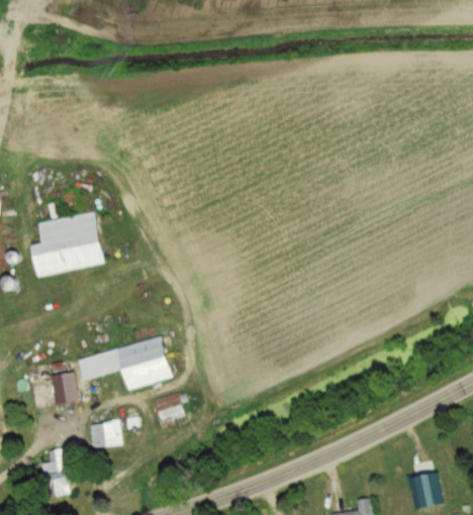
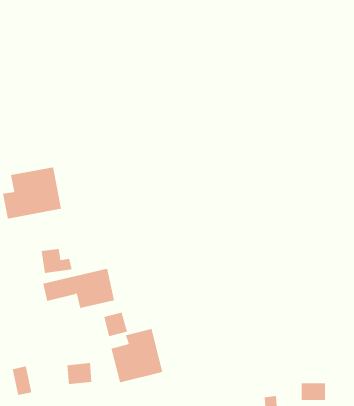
building: [52,373,91,404] -> [41,248,72,273]
building: none -> [111,328,163,383]
building: [91,421,123,448] -> [67,363,92,384]

